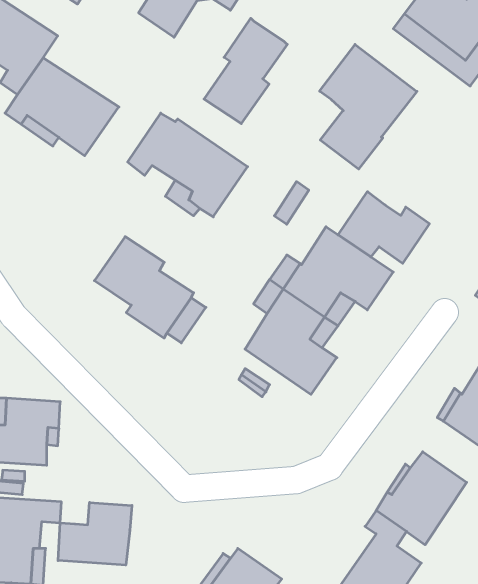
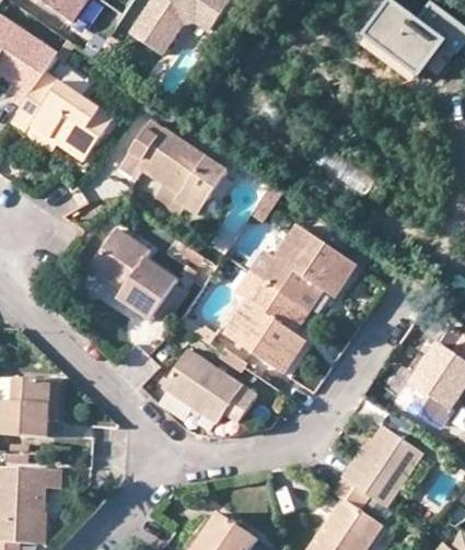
building: [204,18,287,124] -> none
building: [320,44,417,169] -> none
building: [338,192,429,263] -> none
building: none -> [162,352,256,425]
building: [58,502,132,565] -> none

